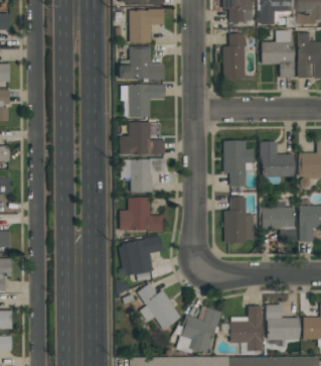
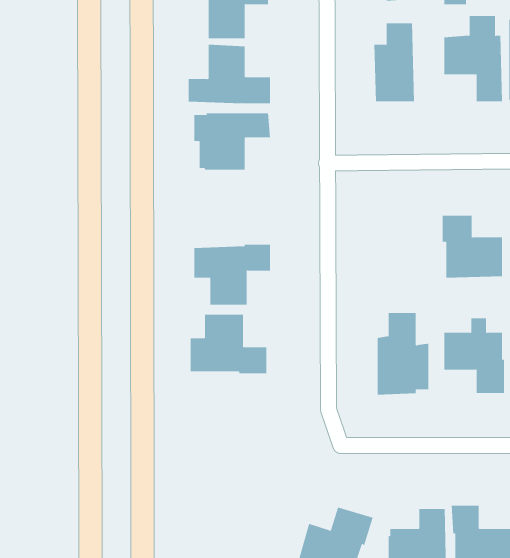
building: [119,122,165,155] -> none
building: [223,140,253,187] -> none
building: [117,235,163,275] -> none
building: [136,283,180,330] -> none

